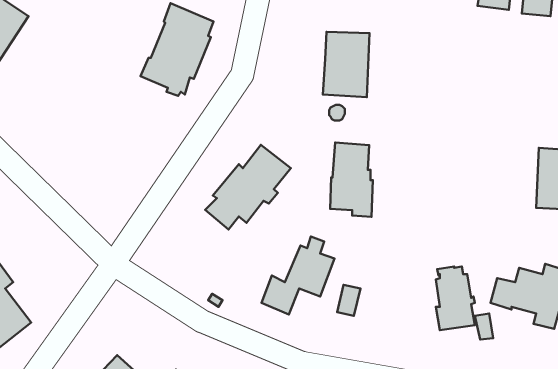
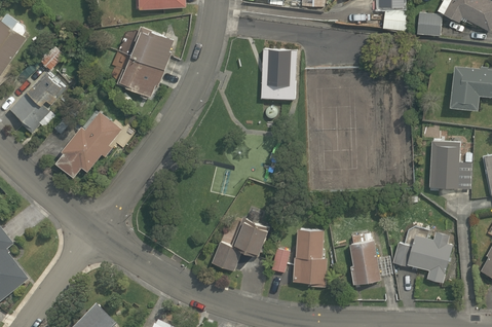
building: none -> [9,45,72,131]
building: [330,142,373,217] -> [293,227,327,286]
building: [205,145,291,229] -> [54,109,122,176]

